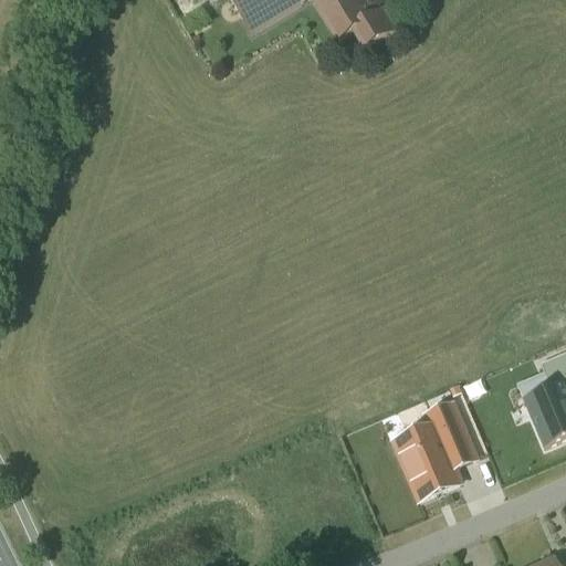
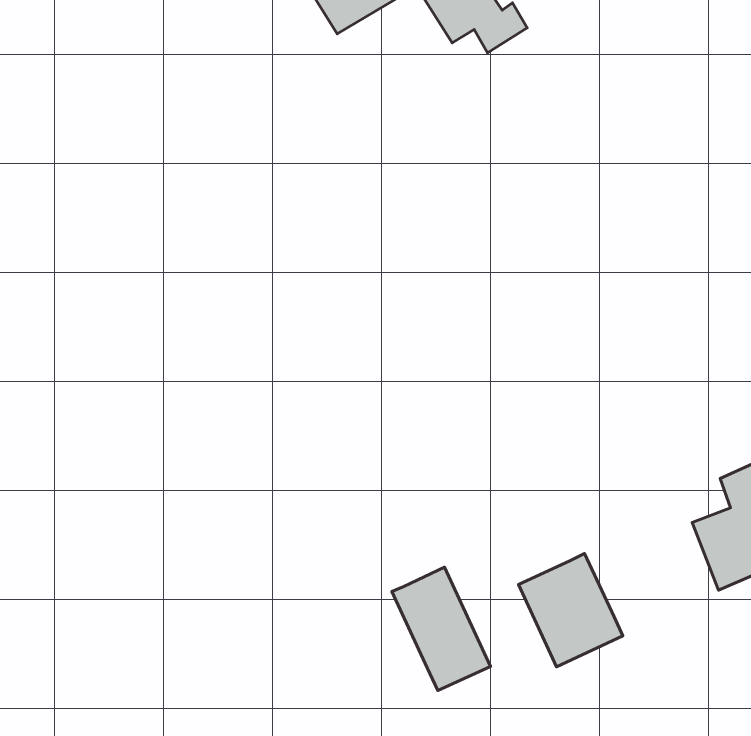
building: [426,398,483,463] -> none
building: none -> [392,567,490,691]

